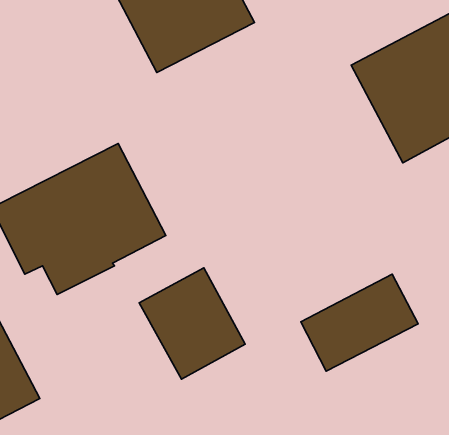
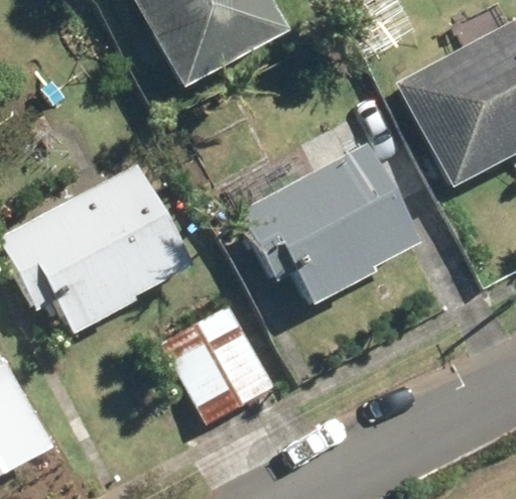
building: none -> [236,140,421,305]
building: [301,274,418,371] -> none

